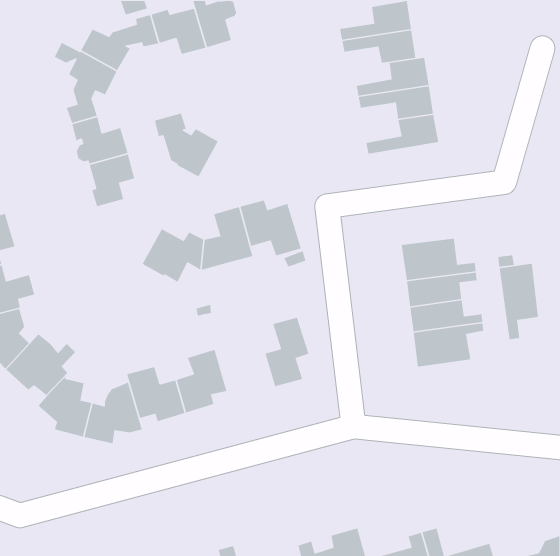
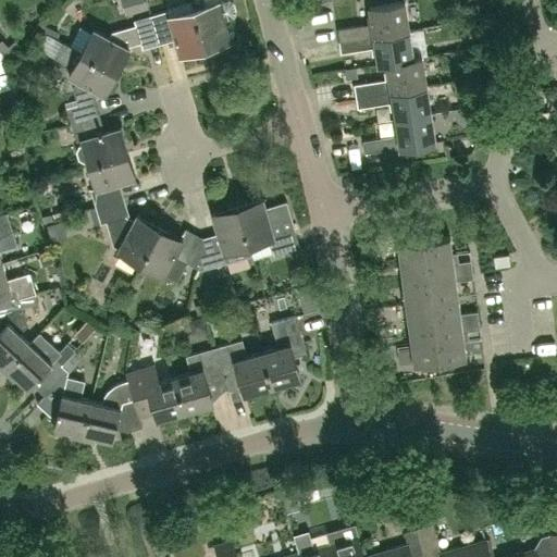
building: [154,113,219,177] -> [96,202,160,267]
building: [499,263,539,340] -> none
building: none -> [213,342,272,397]

